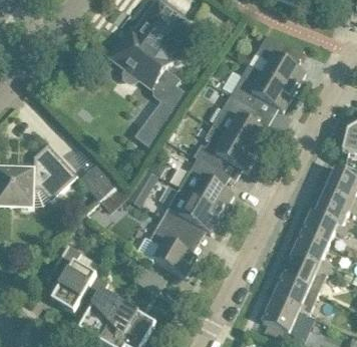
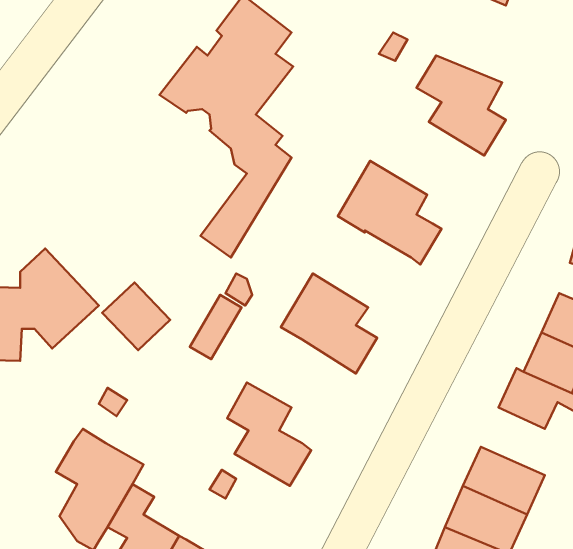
building: [230,64,294,113] -> none
building: [193,133,258,180] -> none
building: [160,188,222,233] -> none
building: [292,233,331,271] -> none

